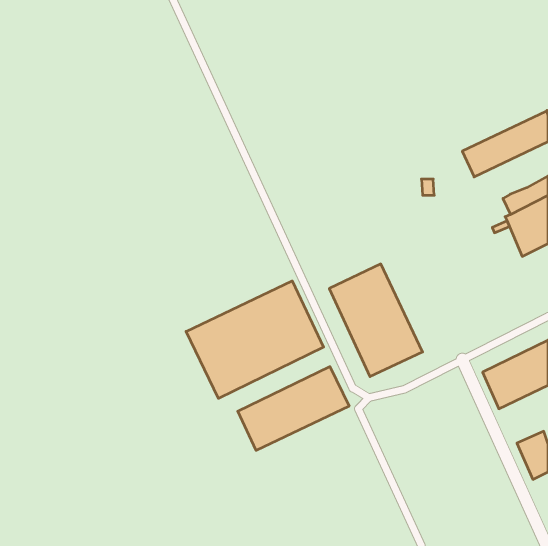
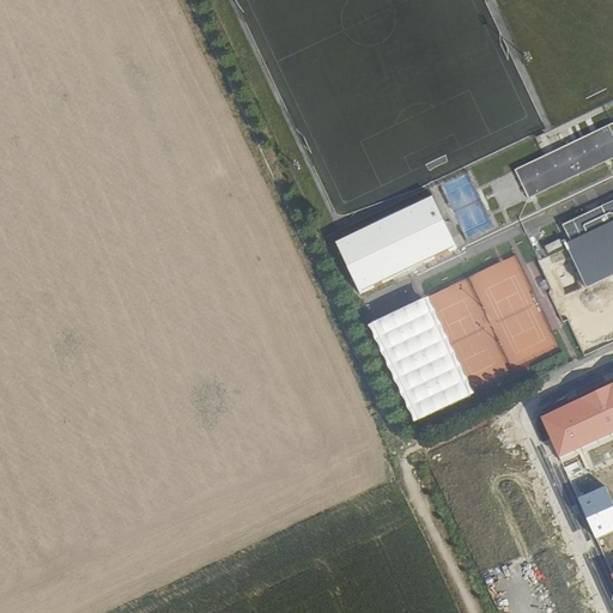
building: none -> [333,194,462,299]
building: [186,281,324,398] -> none
building: [238,367,349,450] -> none

